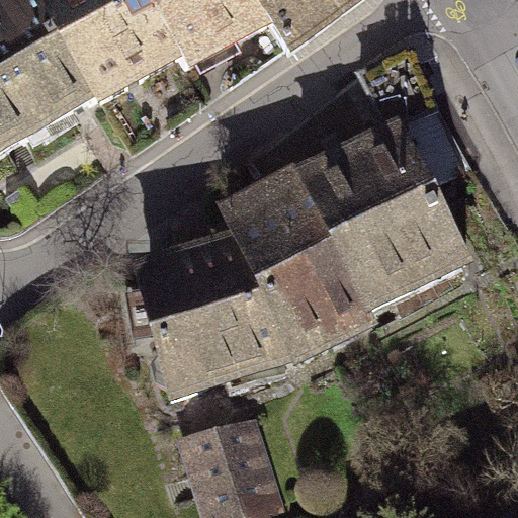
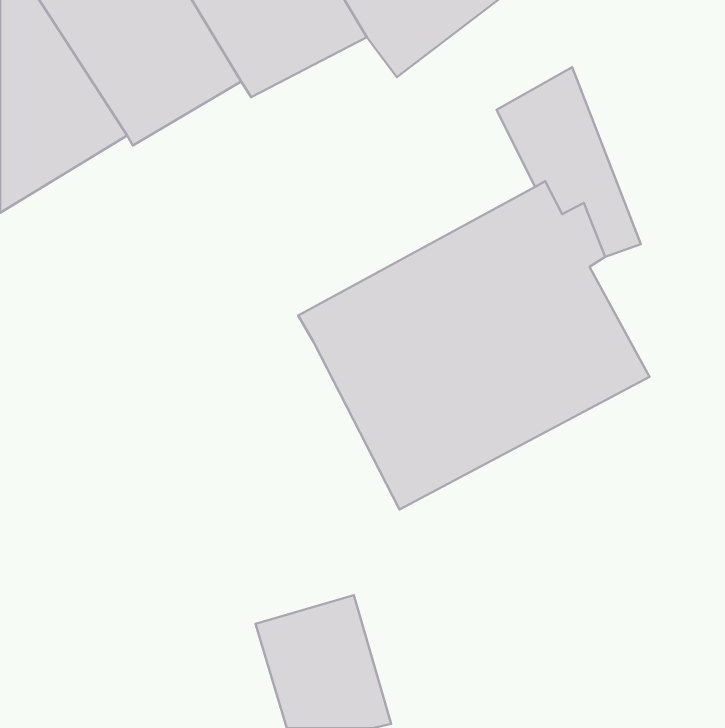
building: [145,243,286,401] -> none

